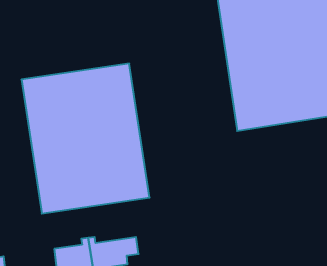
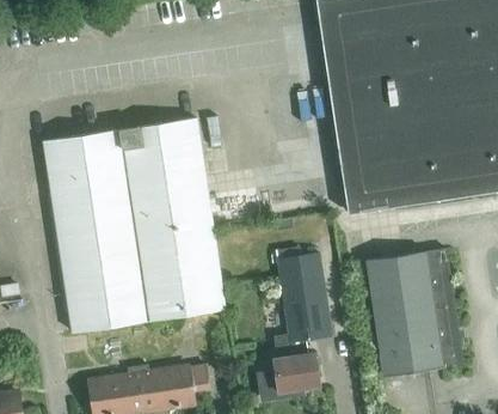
building: none -> [259,245,332,398]
building: none -> [367,249,463,376]

